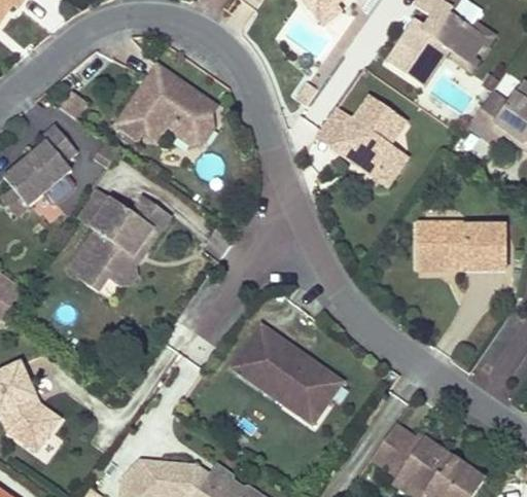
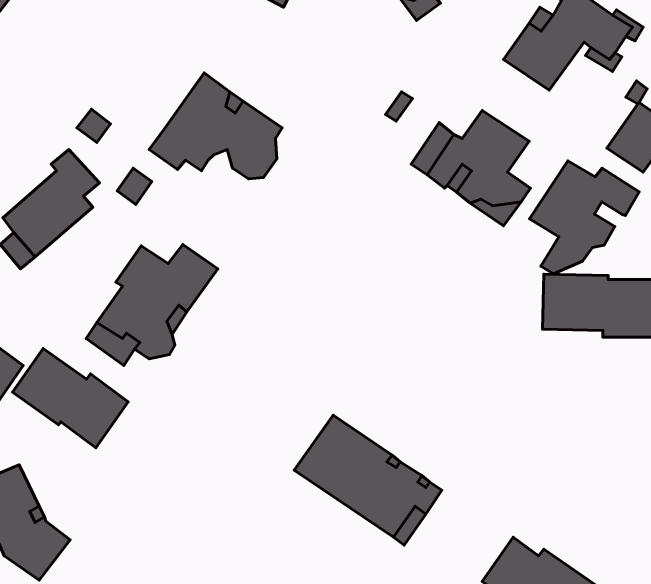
building: none -> [530,161,639,274]
building: none -> [12,348,128,448]

